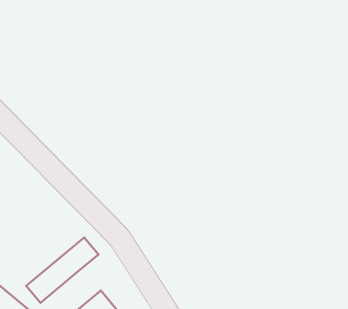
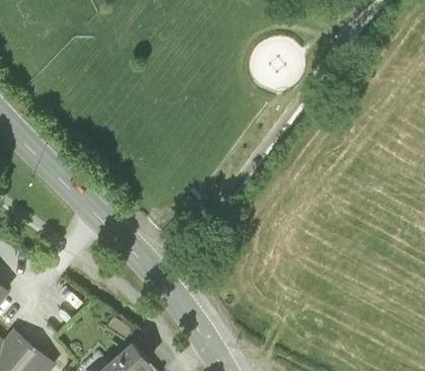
building: [26,237,98,303] -> none

